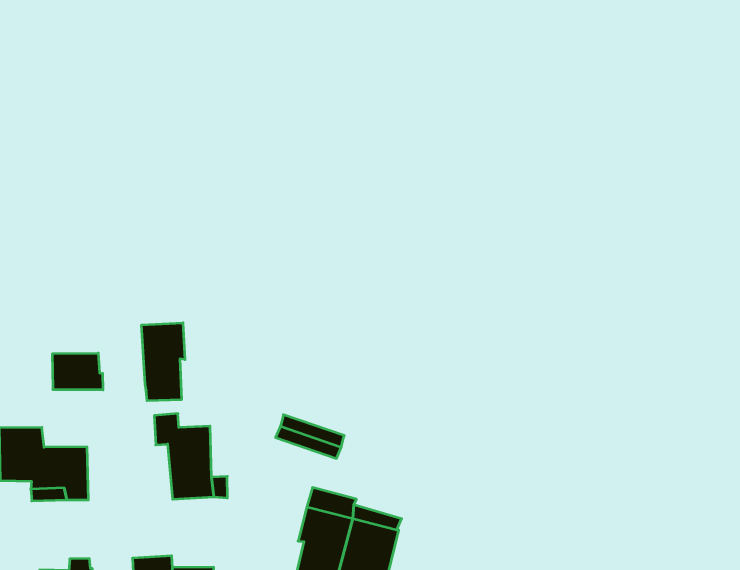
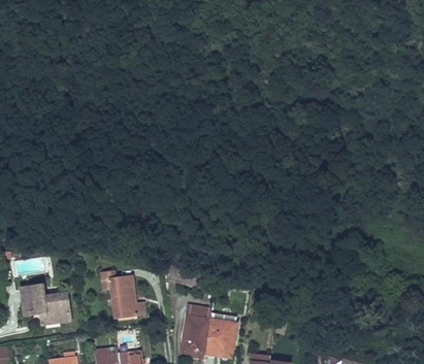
building: [142,323,185,401] -> none
building: [53,353,103,390] -> none

